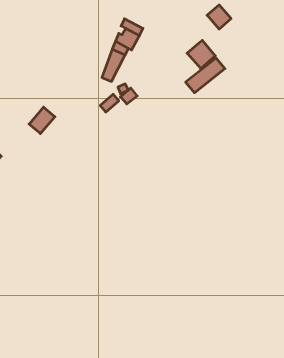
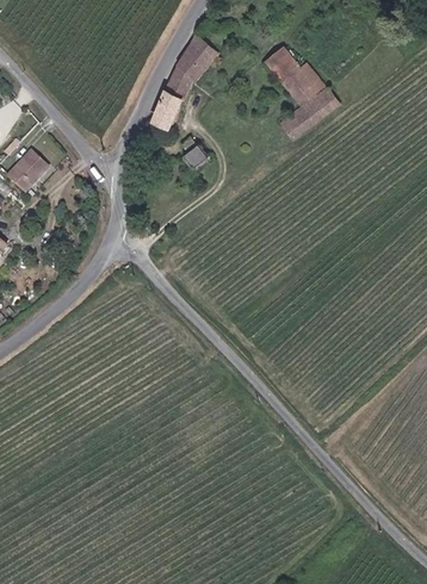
building: [207,5,231,29] -> [265,54,301,89]
building: [29,107,55,134] -> [11,145,49,185]

